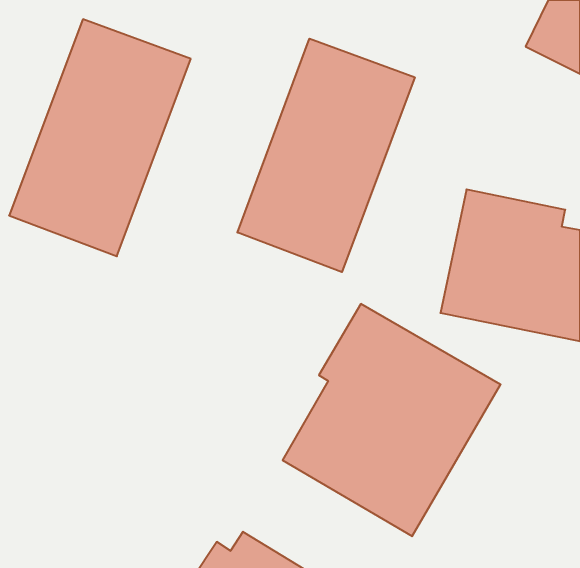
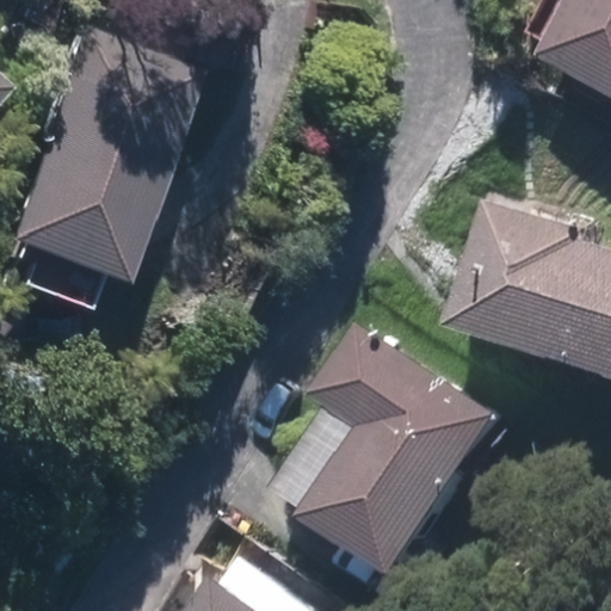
building: [237,39,415,272] -> none

